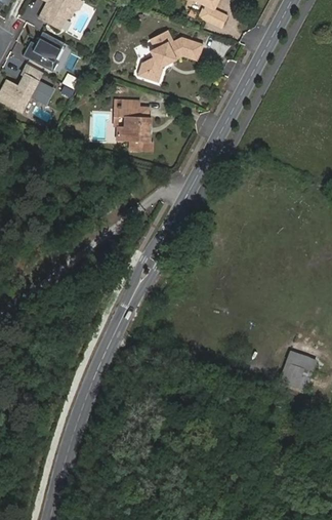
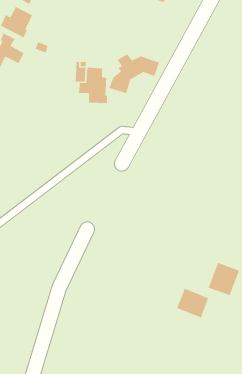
building: [139,33,203,83] -> [109,53,160,94]
building: none -> [177,288,209,318]

